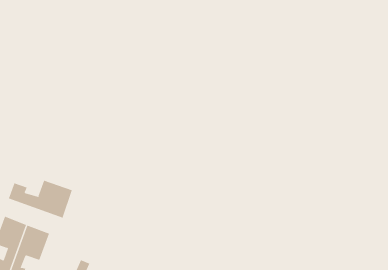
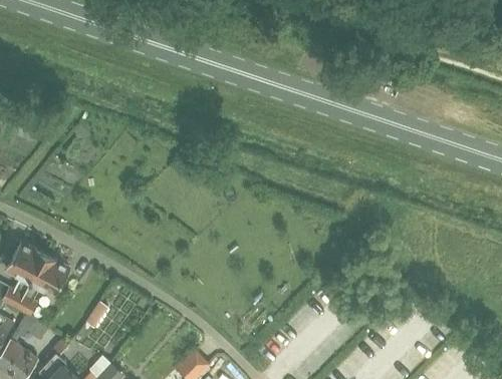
building: [8,180,73,218] -> none

